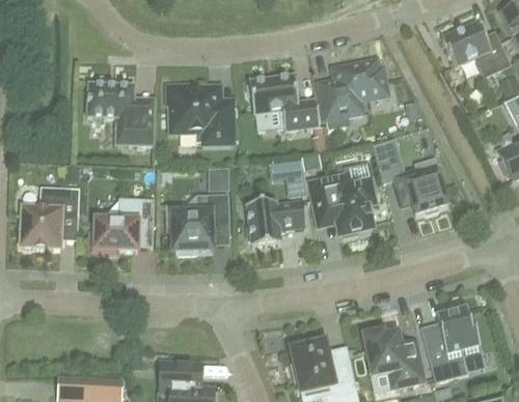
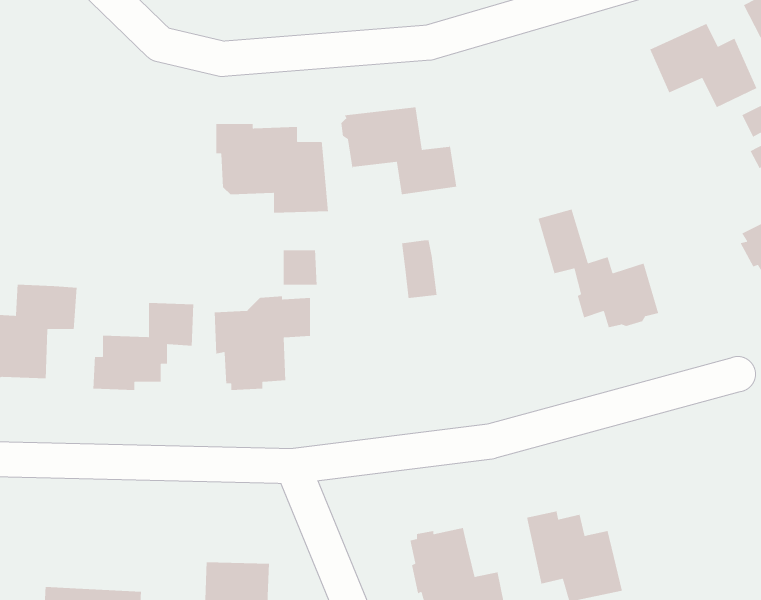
building: [315,59,386,130] -> none
building: [86,82,155,145] -> none
building: [308,168,375,236] -> none
building: [246,201,306,246] -> none
building: [426,305,480,381] -> none

